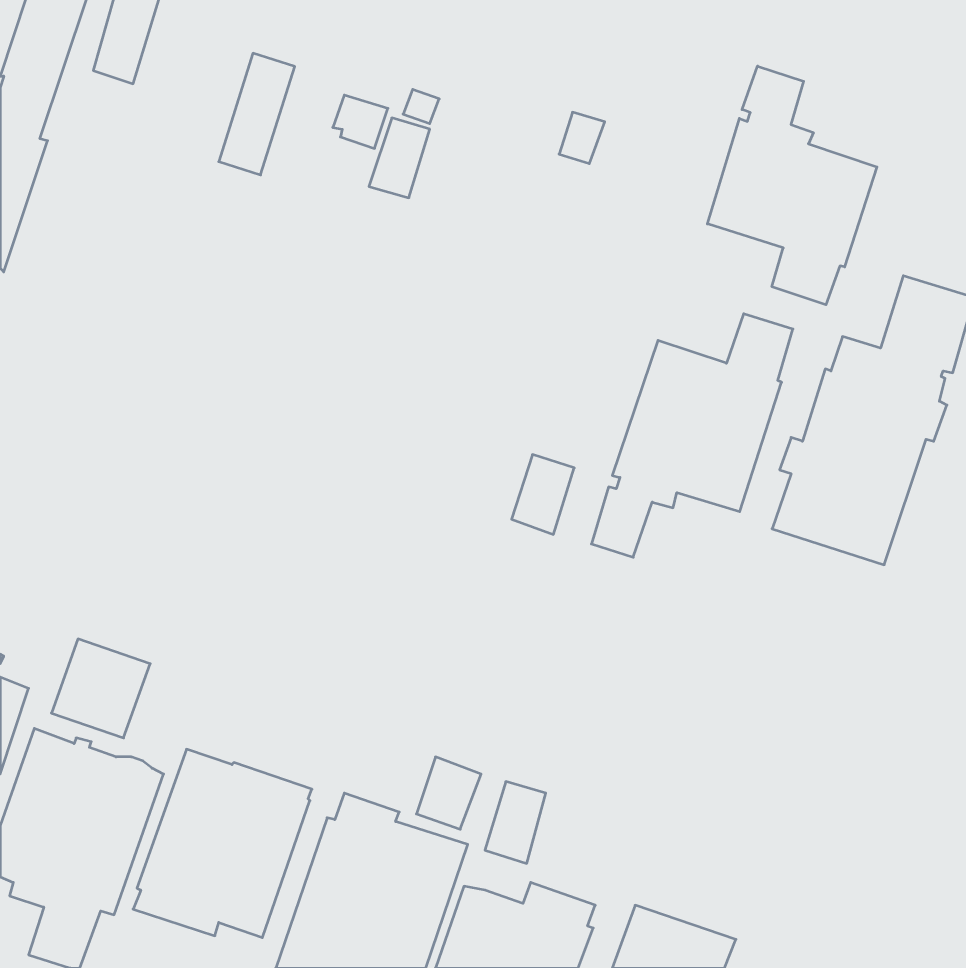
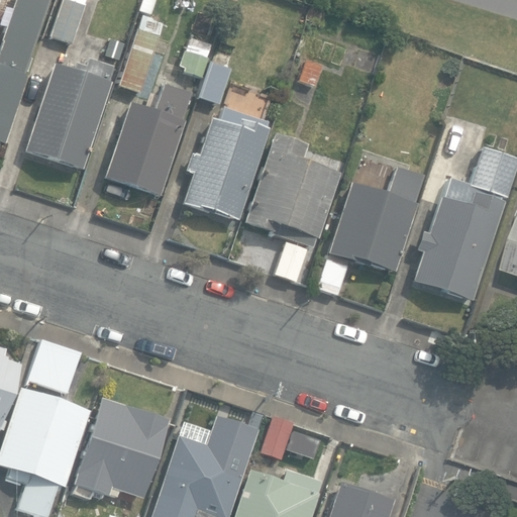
building: [707,66,877,305] -> none
building: none -> [26,59,115,170]
building: none -> [105,84,192,196]
building: none -> [183,107,269,219]
building: none -> [245,132,342,247]

